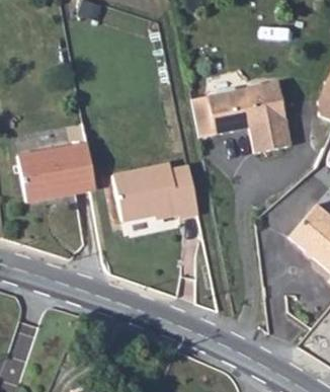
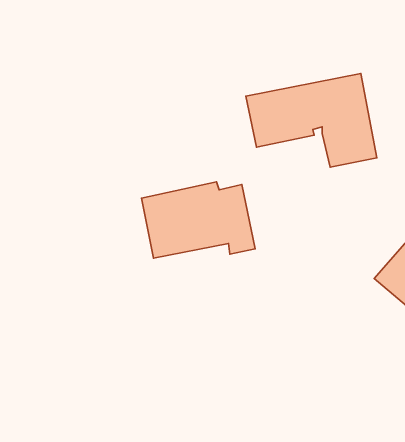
building: [18,143,96,202] -> none

